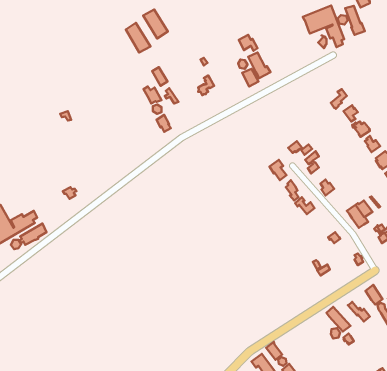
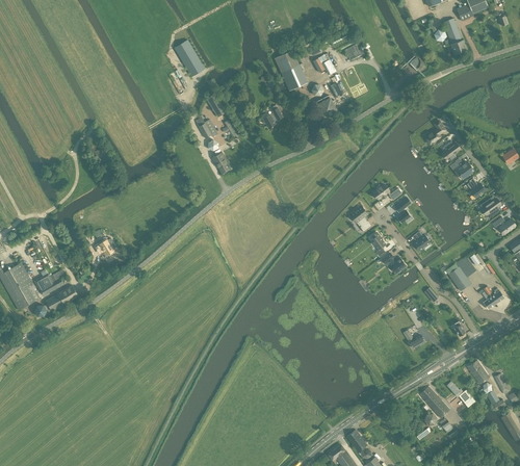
building: [303,5,344,47] -> none
building: [143,10,168,39] -> none
building: none -> [274,50,306,90]

